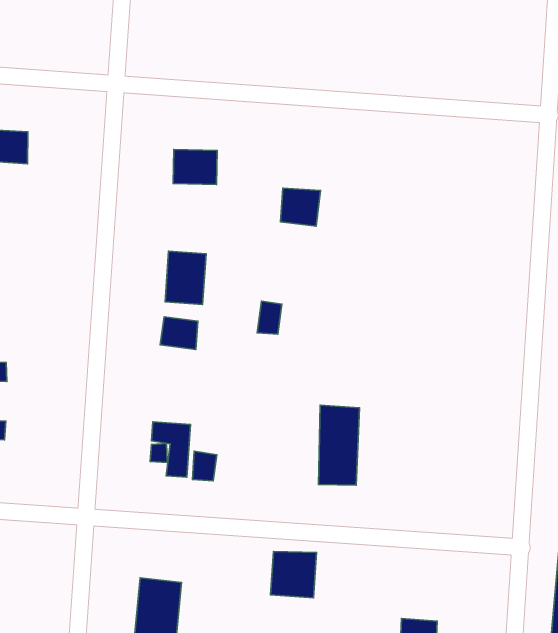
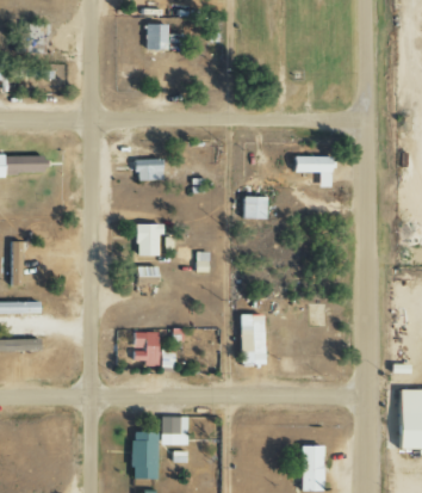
building: none -> [293,155,333,186]
building: [281,188,320,226] -> [243,196,267,218]
building: [270,551,317,598] -> [162,415,190,444]

